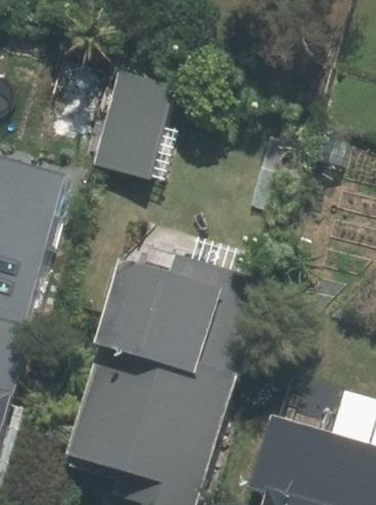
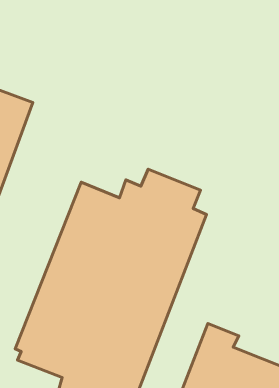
building: [90,69,189,182] -> none

